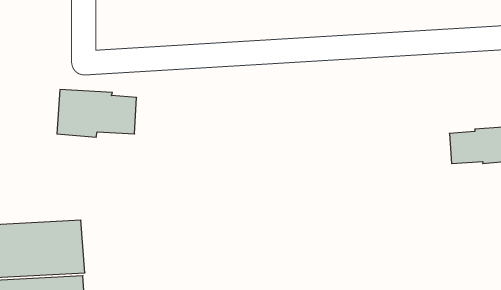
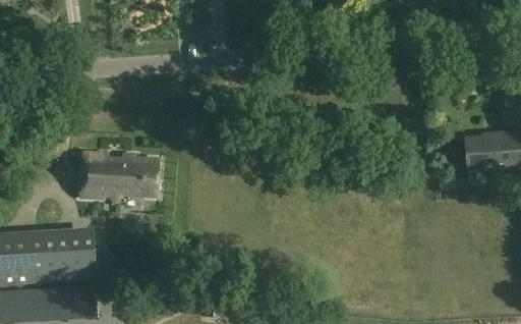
building: [57,90,137,137] -> [78,152,159,200]

